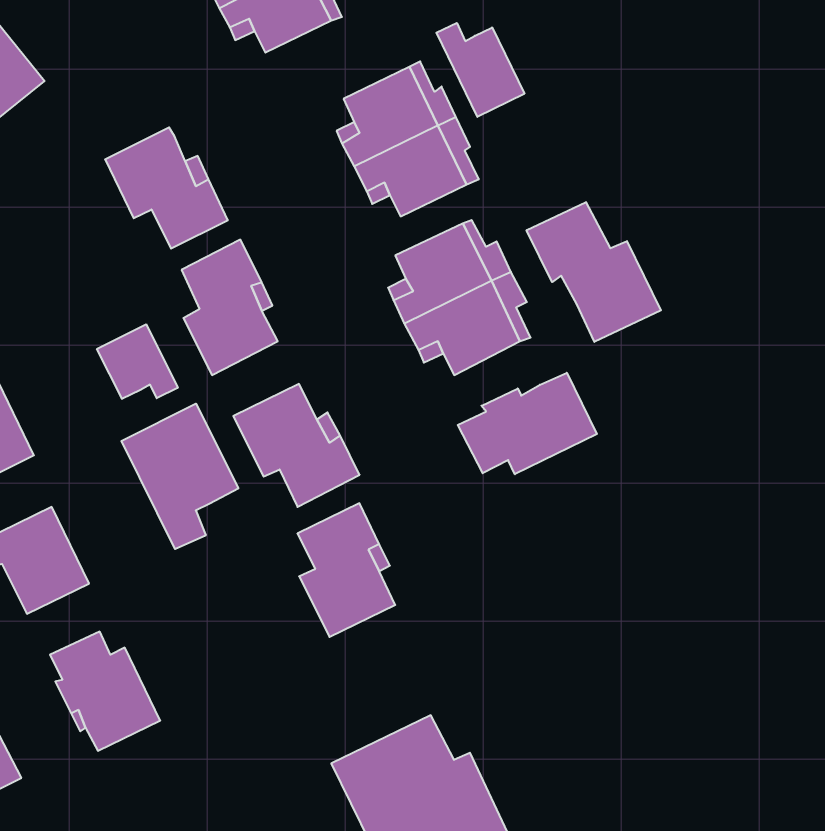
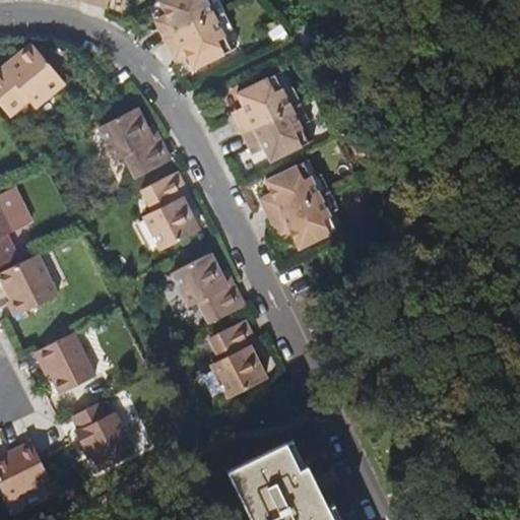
building: [436,23,524,117] -> none
building: [527,202,661,342] -> none
building: [97,324,178,399] -> none
building: [458,373,597,474] -> none
building: [121,404,238,549] -> none

